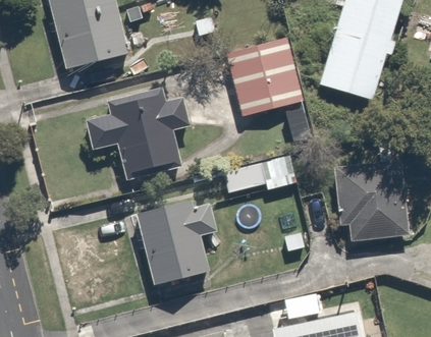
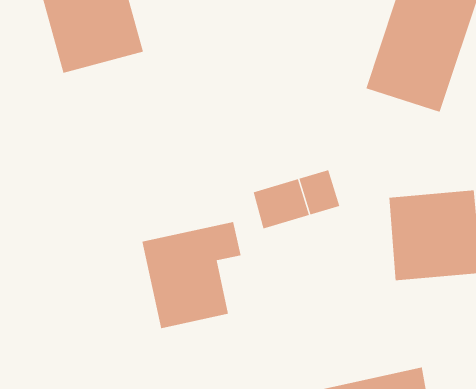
building: [224,37,307,121] -> none
building: [86,87,190,181] -> none

